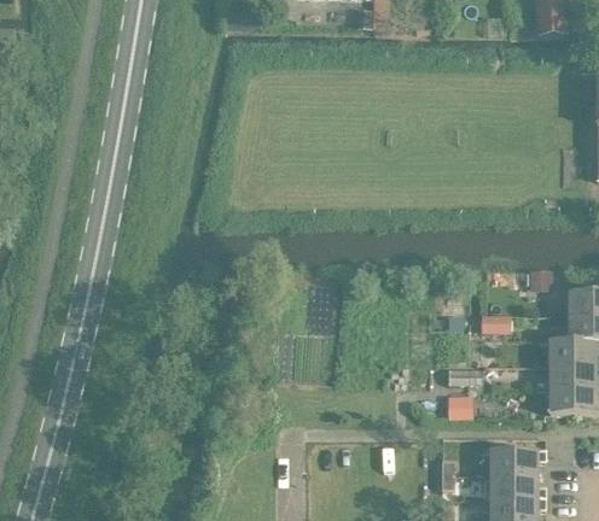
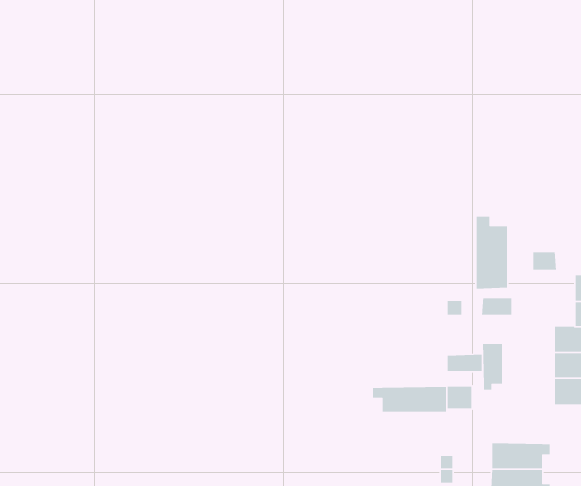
building: none -> [476,216,508,290]
building: none -> [482,343,503,391]
building: none -> [372,386,447,412]

